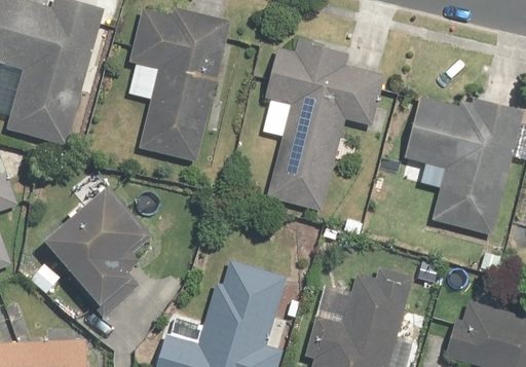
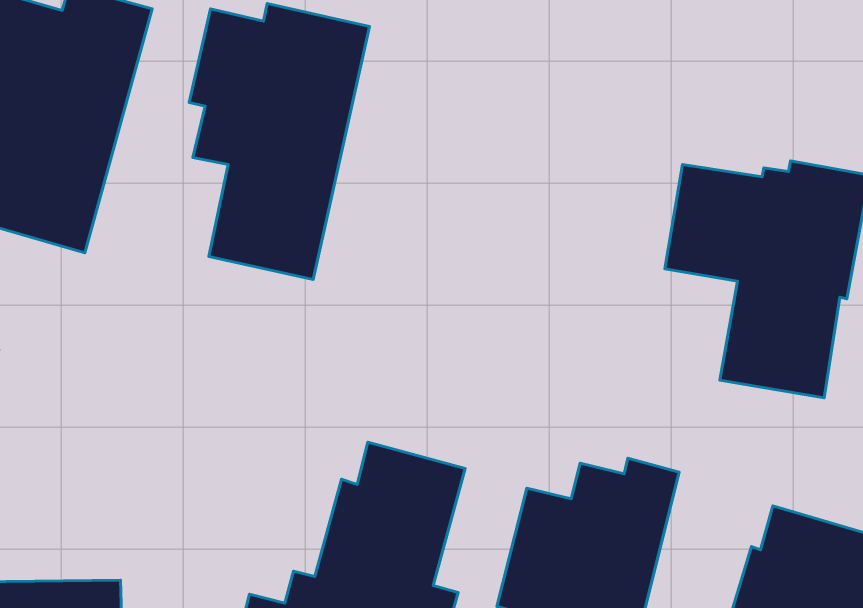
building: [263,42,386,207] -> none
building: [27,184,147,308] -> none

